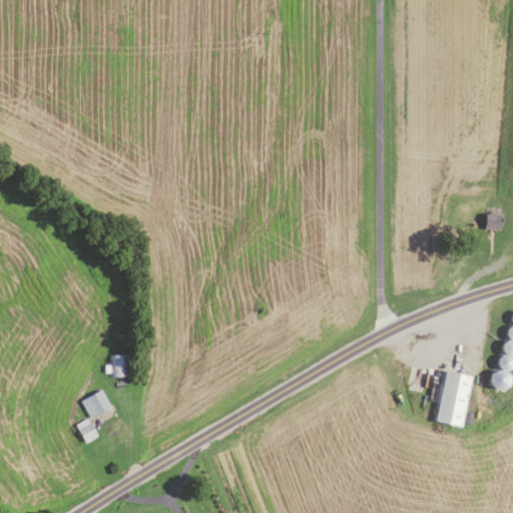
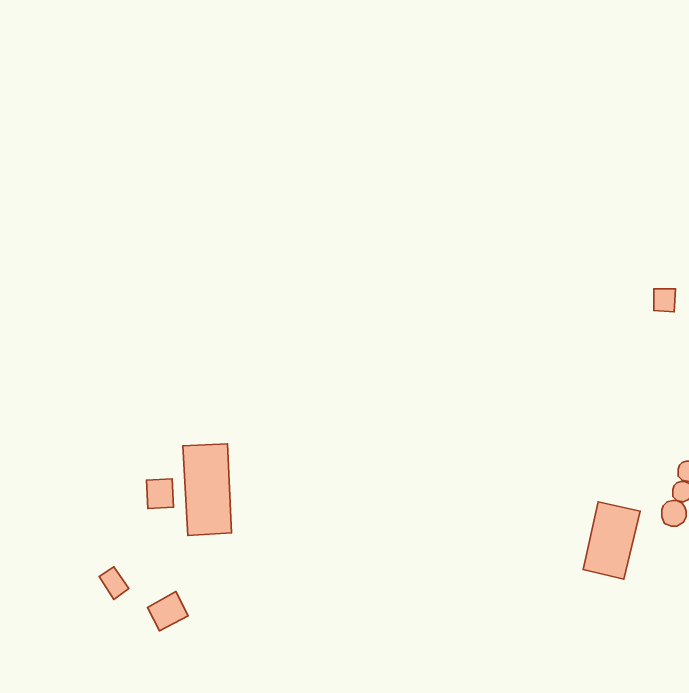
building: none -> [183,444,231,535]
building: [82,389,112,418] -> [147,591,188,631]

